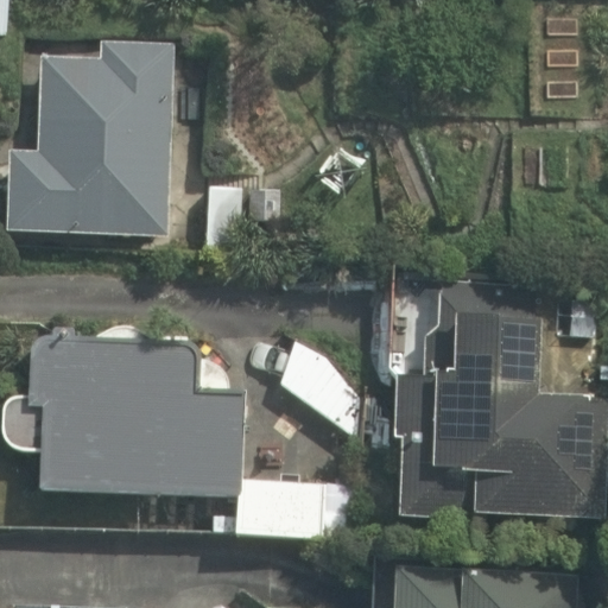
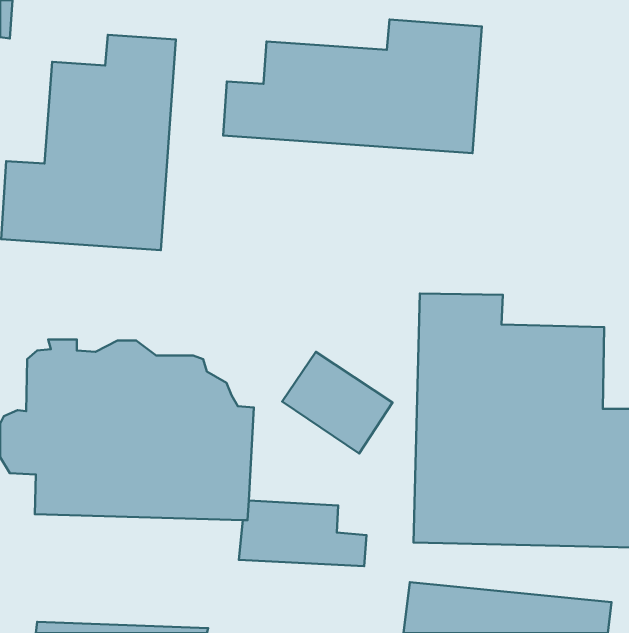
building: none -> [223,19,482,153]

